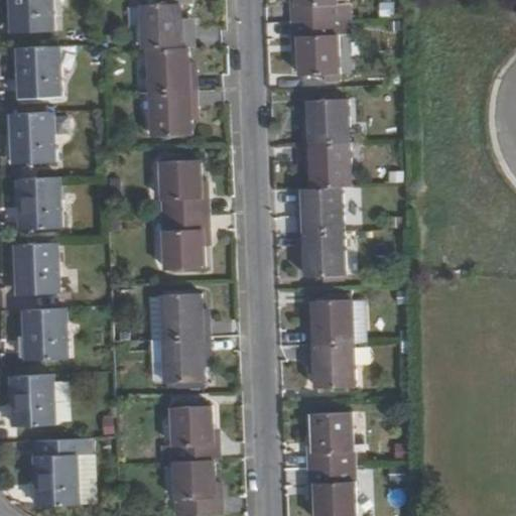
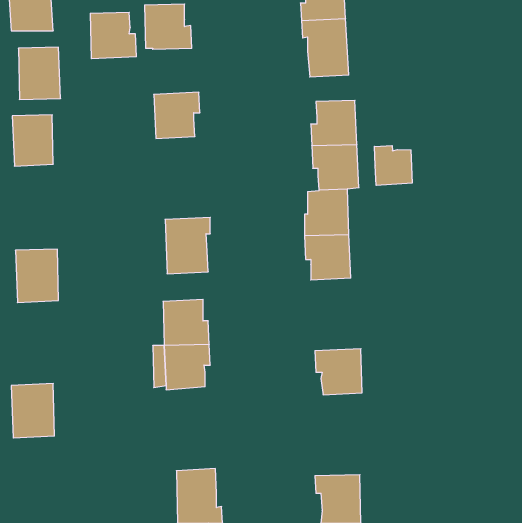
building: [150,47,196,93] -> [90,12,136,59]
building: none -> [374,146,412,185]
building: [160,159,207,216] -> none
building: [18,177,59,231] -> none
building: [308,299,355,345] -> none
building: [23,310,66,362] -> none
building: [170,406,217,463] -> none
building: [308,412,354,468] -> none
building: [34,442,85,509] -> none

